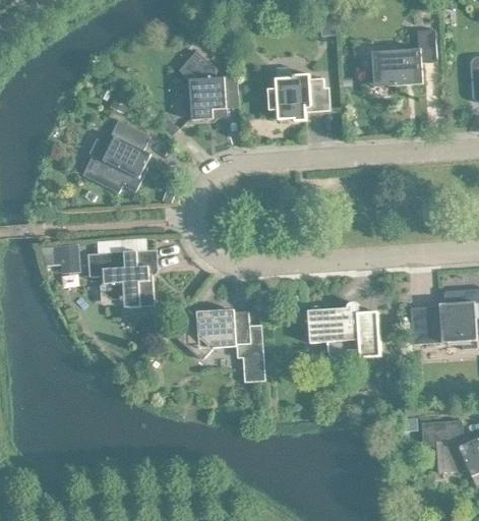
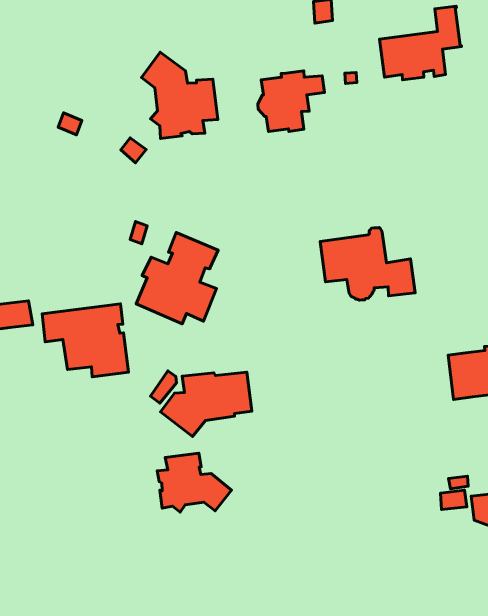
building: [82,119,151,192] -> [136,233,218,324]
building: [307,301,380,358] -> [320,228,415,300]
building: [243,351,264,382] -> none
building: none -> [157,453,232,512]

